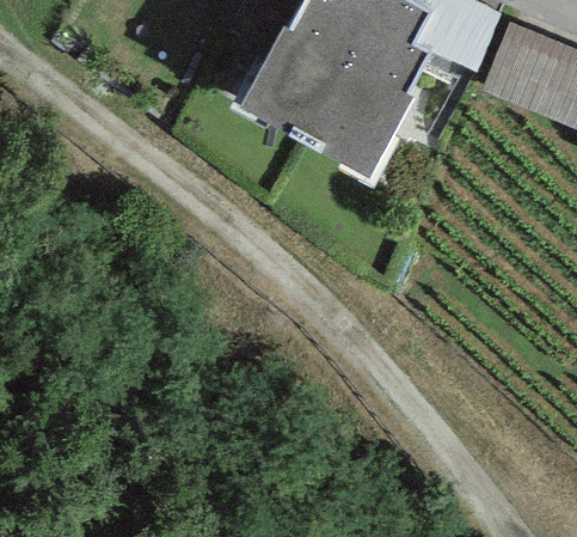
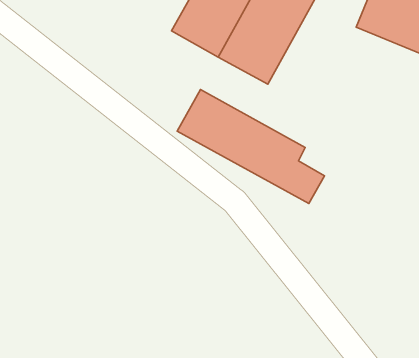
building: none -> [177,90,324,204]

